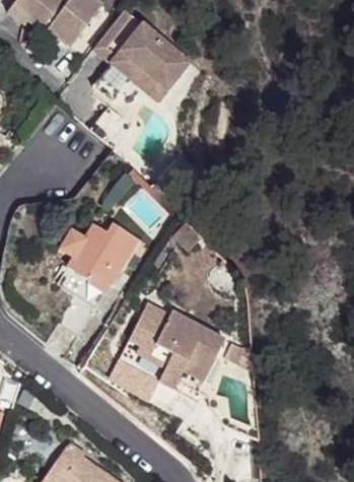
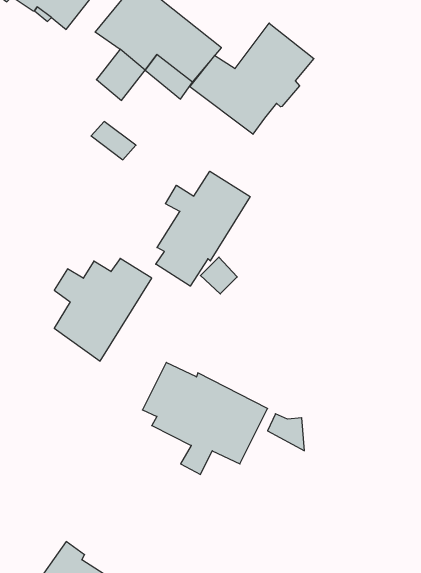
building: none -> [190,23,314,134]
building: none -> [156,171,250,286]
building: [109,339,166,398] -> none

